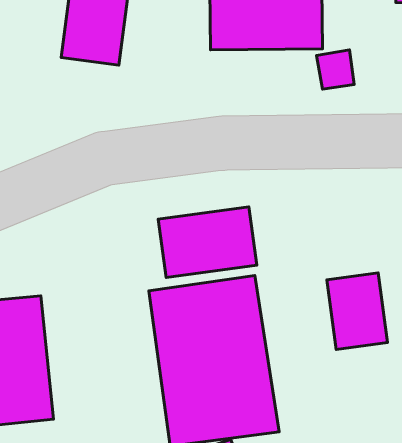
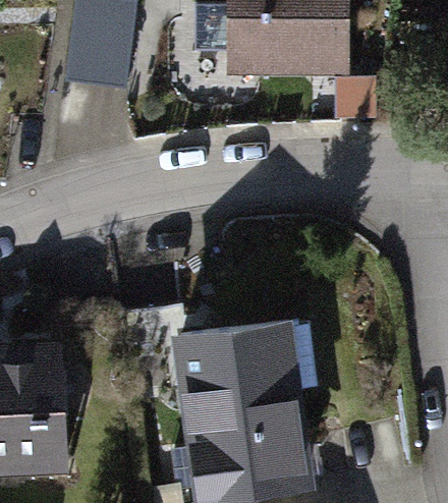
building: [158,207,257,278] -> none
building: [327,273,388,350] -> none

